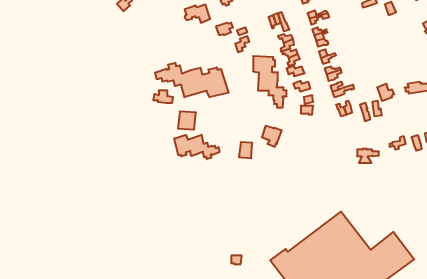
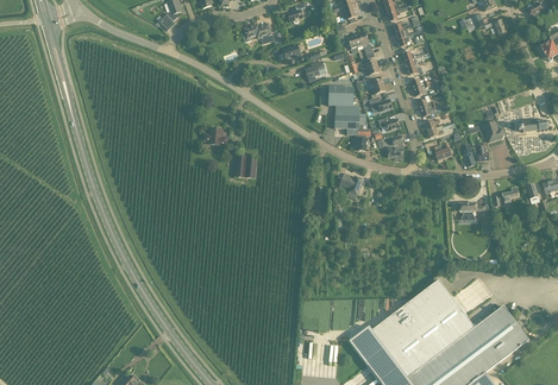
building: [155,63,229,97] -> none
building: [174,135,219,159] -> none

